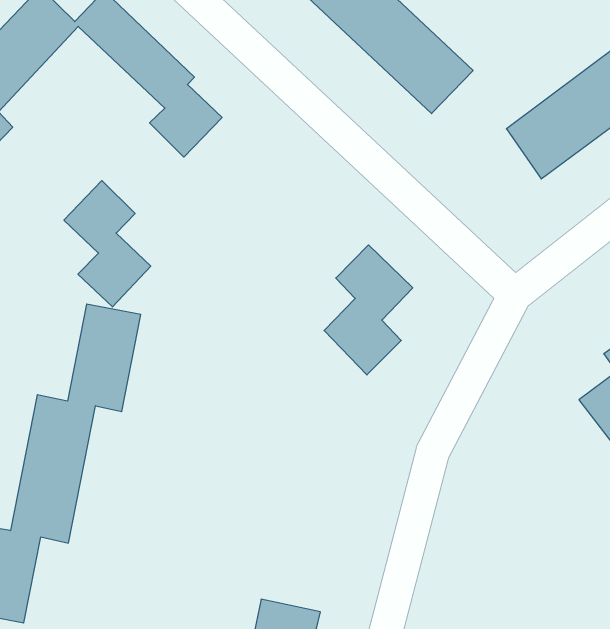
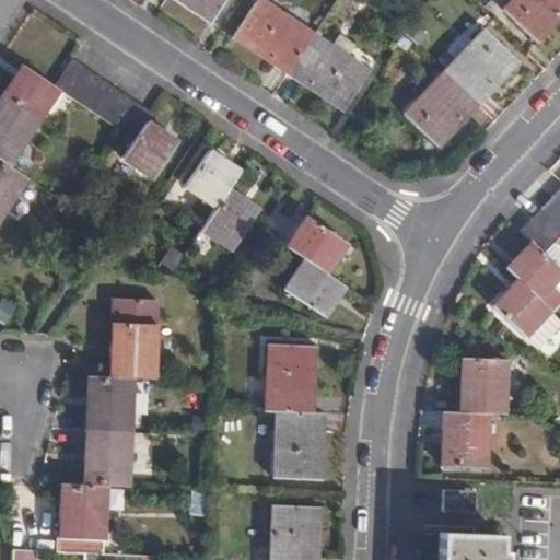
building: [64,181,151,307] -> [191,153,264,248]
building: none -> [269,343,326,477]
building: none -> [444,352,509,465]

